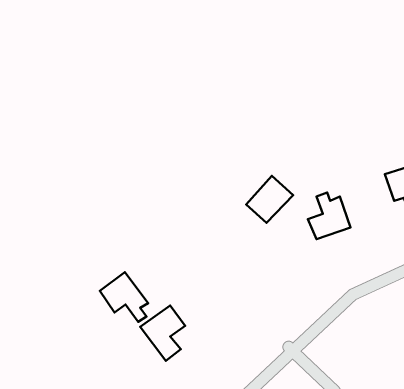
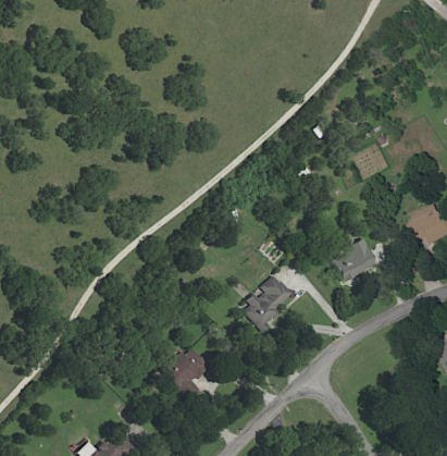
building: [246,176,293,223] -> [244,275,291,323]
building: [100,272,148,322] -> none

